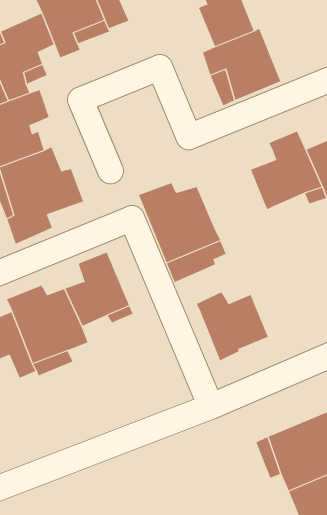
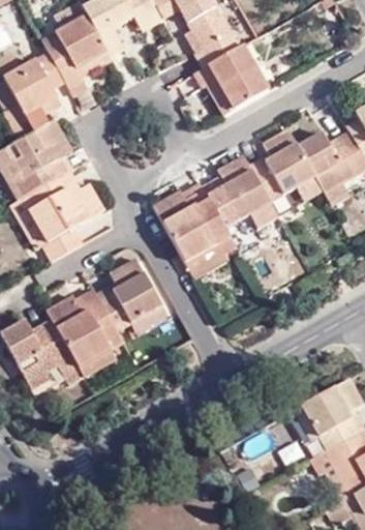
building: none -> [206,154,270,227]
building: [196,292,269,361] -> none

